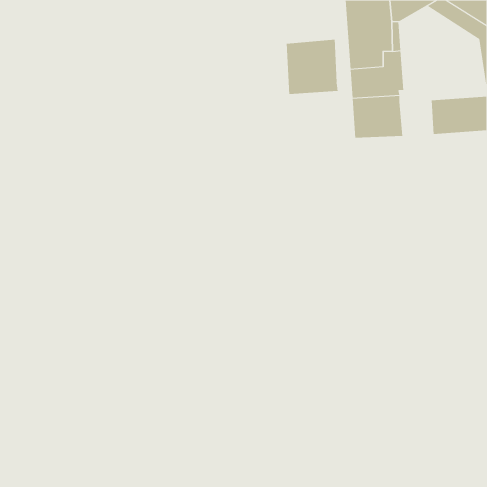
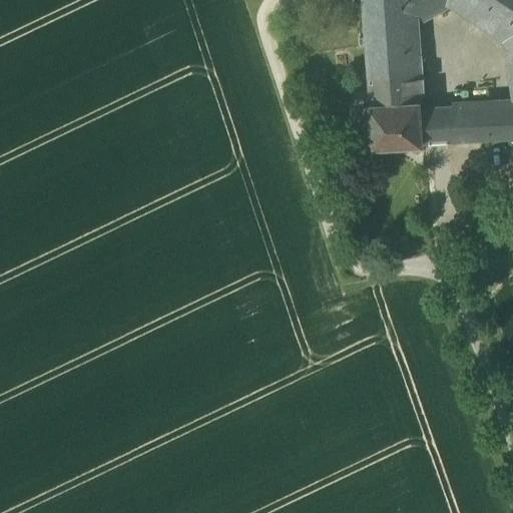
building: [286,39,338,95] -> none
building: none -> [421,105,455,143]

